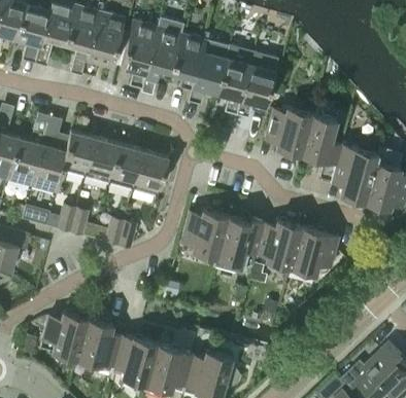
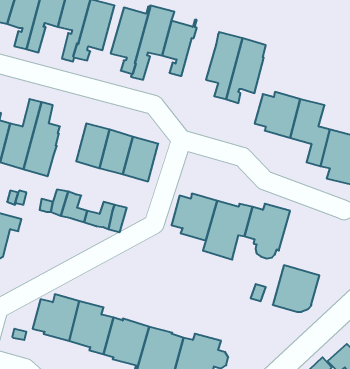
building: [189,41,230,104] -> none
building: [63,131,96,176] -> none
building: [292,226,339,274] -> [273,265,319,312]

